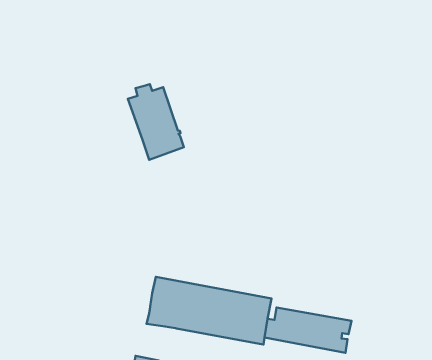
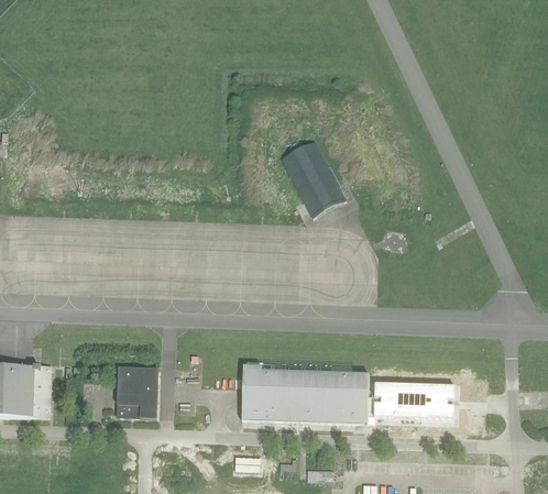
building: [128,84,184,160] -> [280,139,346,218]
building: none -> [117,367,157,417]

